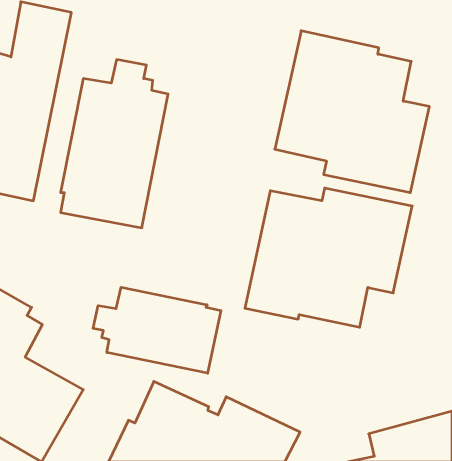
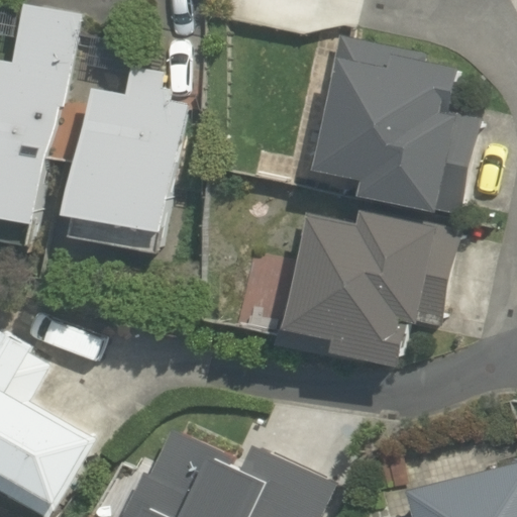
building: [93,287,221,373] -> none

